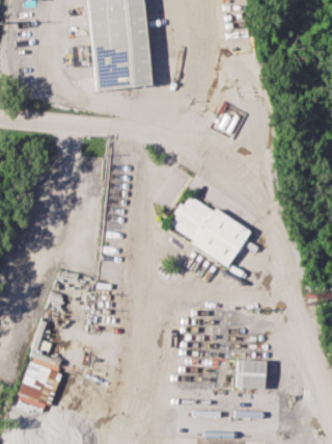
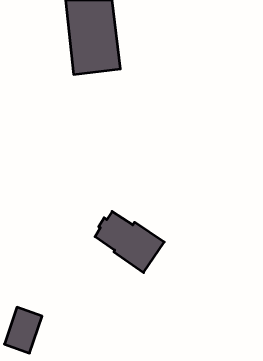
building: [171,195,251,266] -> [95,211,164,273]
building: [239,359,268,388] -> none

